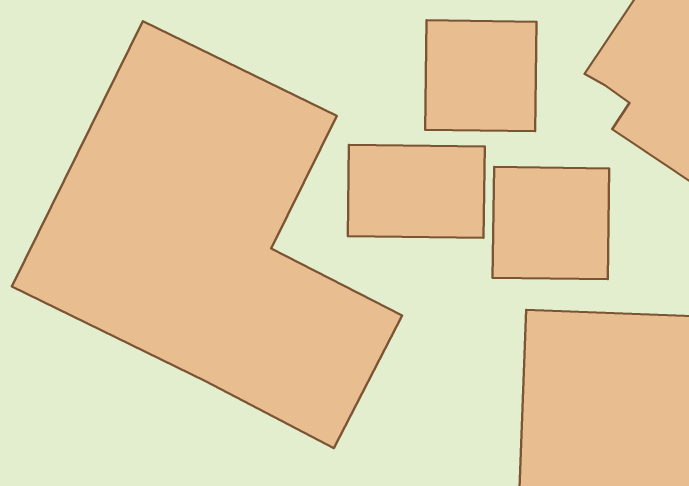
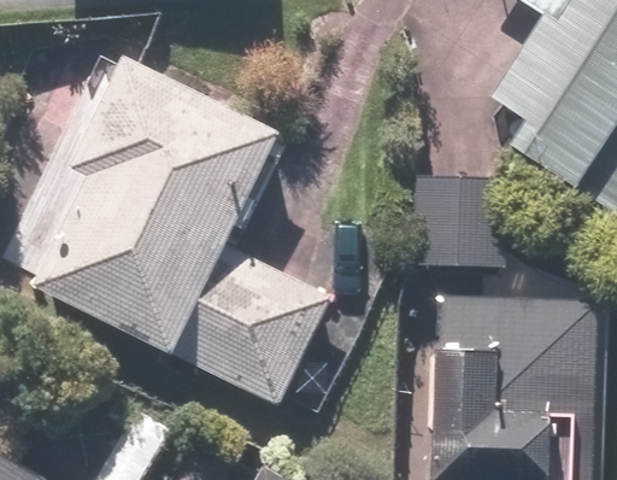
building: [425,20,536,131] -> none
building: [348,145,485,238] -> none

